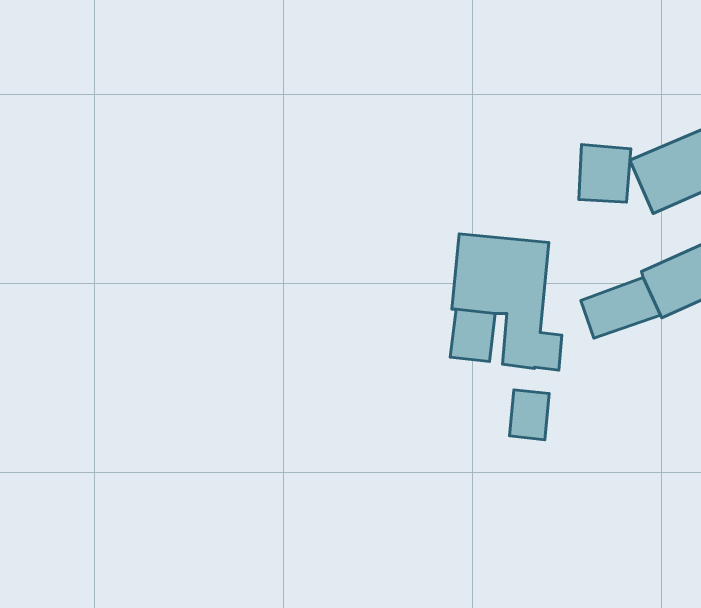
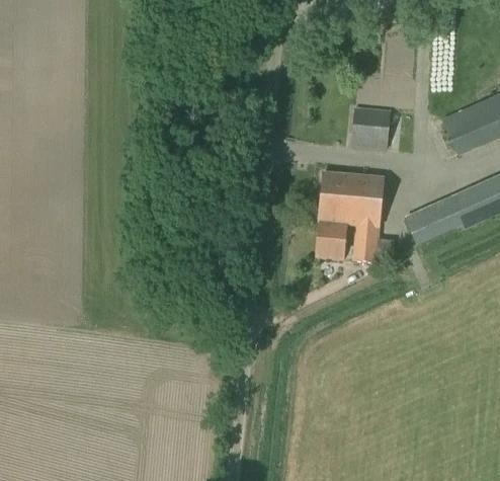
building: [579,144,631,202] -> [353,106,390,147]
building: [509,390,549,440] -> none

